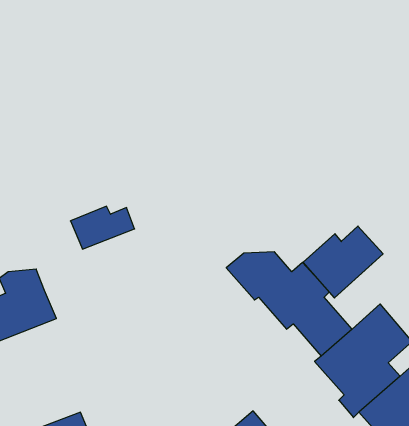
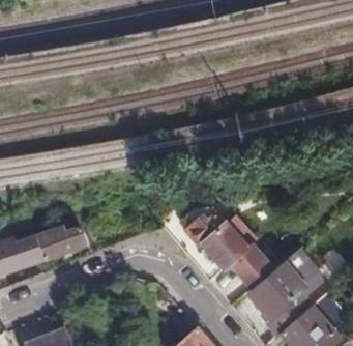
building: [70,206,135,249] -> [36,225,86,258]
building: [303,226,383,298] -> none

